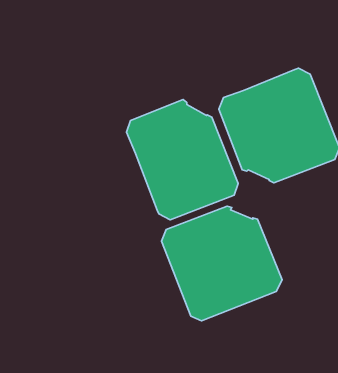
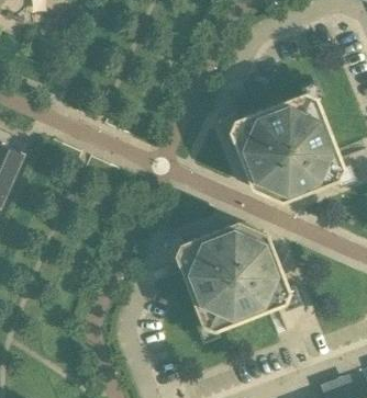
building: [127,100,238,220] -> none

